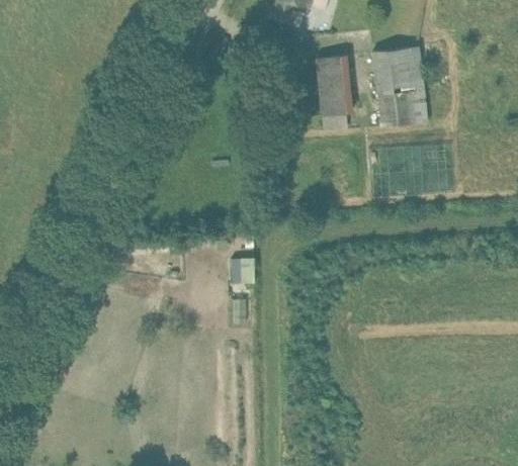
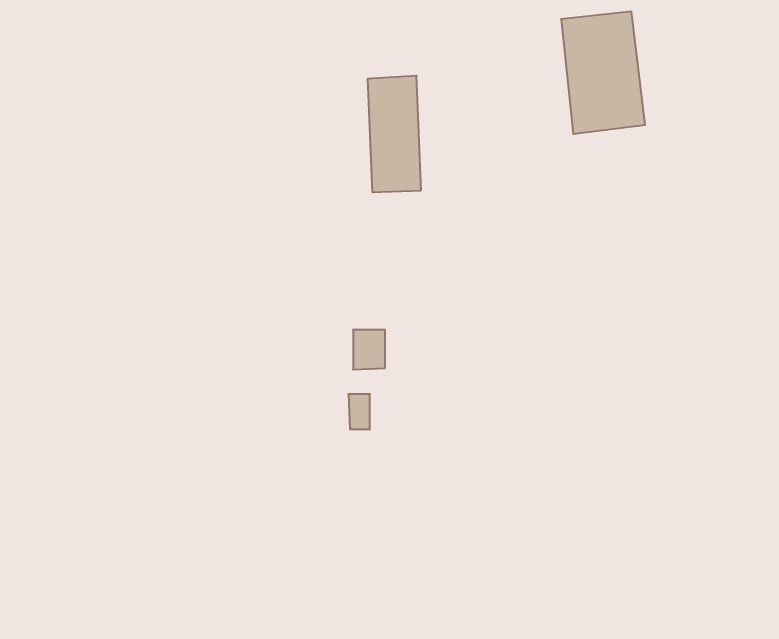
building: [317,53,352,129] -> [368,76,421,192]

